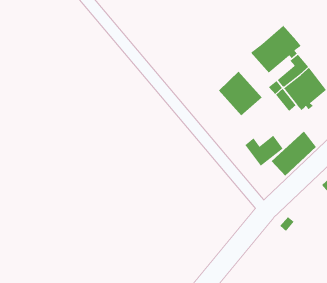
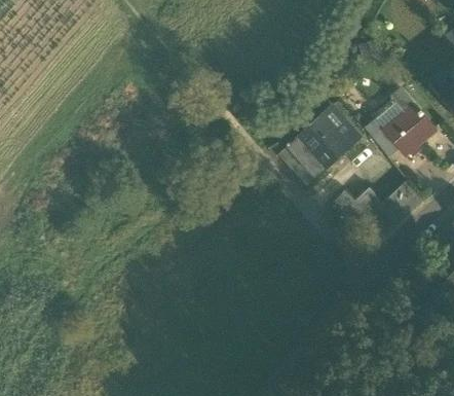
building: [250,24,301,73] -> none
building: none -> [280,131,333,183]

